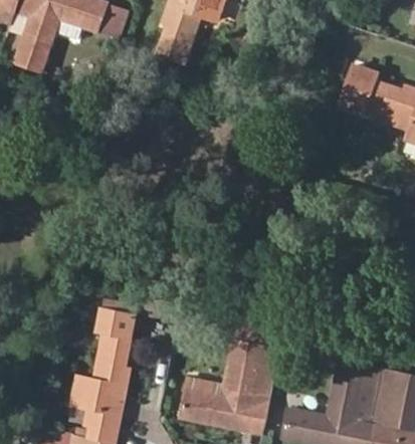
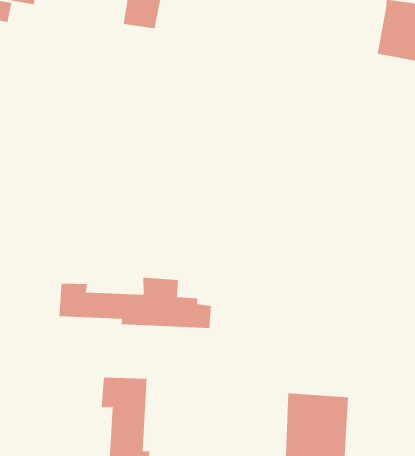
building: none -> [59,277,211,329]

